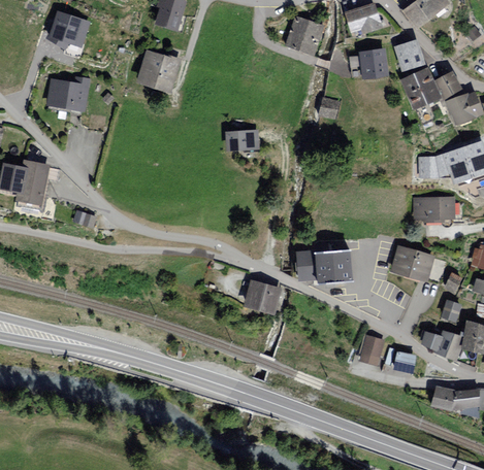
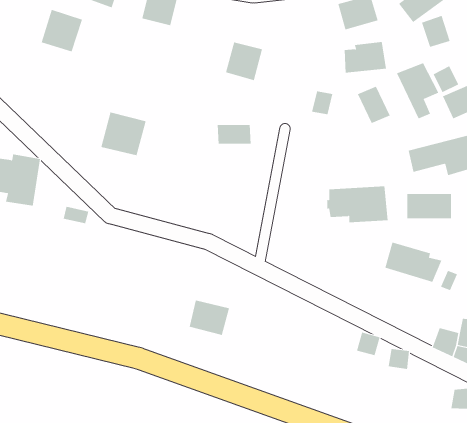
building: [286,15,323,54] -> [225,42,263,81]
building: [396,38,425,70] -> [421,15,450,48]
building: [136,48,182,92] -> [100,112,147,156]
building: [44,74,88,112] -> none
building: none -> [357,86,390,124]
building: [296,247,357,283] -> [327,186,388,223]
building: [245,277,285,312] -> [189,300,230,335]
building: [439,298,463,325] -> none
building: [431,385,458,411] -> none

